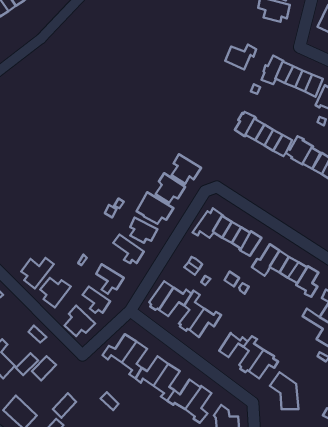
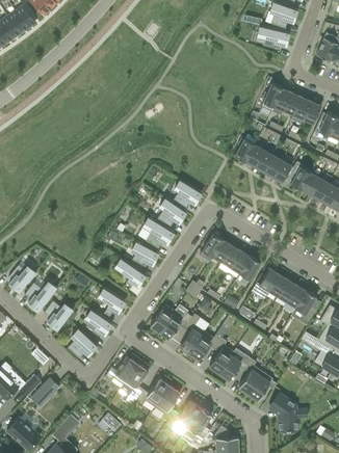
building: [225,45,256,69] -> none
building: none -> [9,265,35,292]
building: none -> [210,338,234,373]

